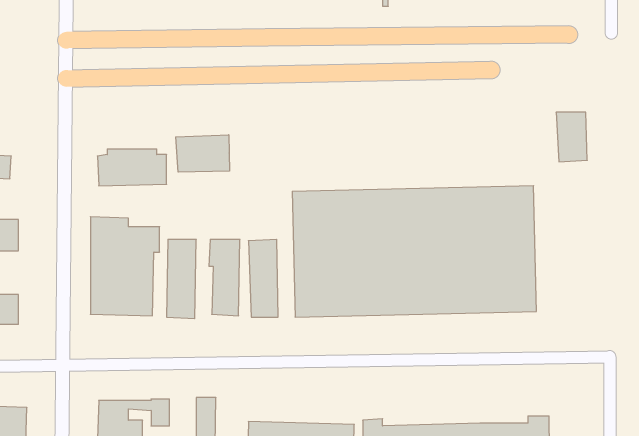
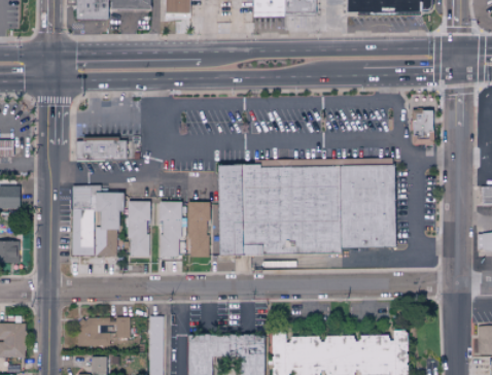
building: [176,135,229,172] -> none

